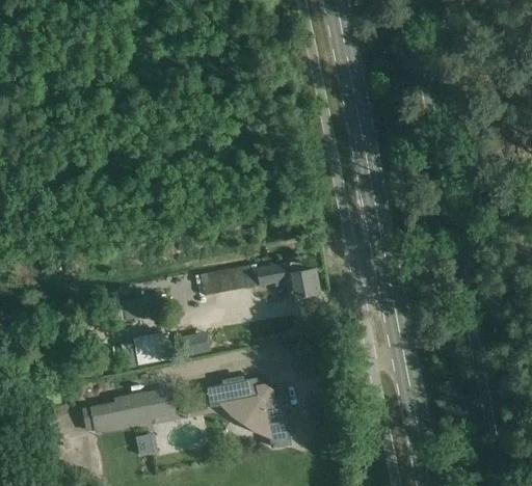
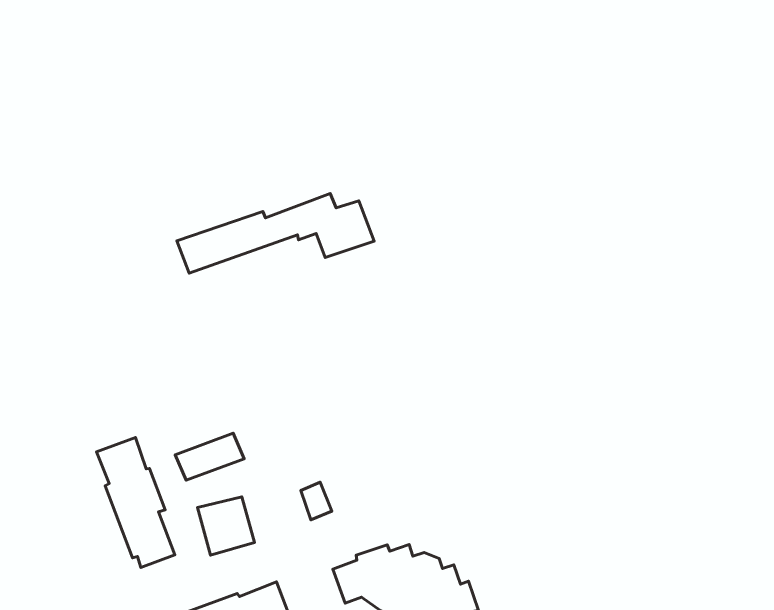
building: [201,260,320,298] -> [177,193,374,273]
building: none -> [96,438,175,568]

